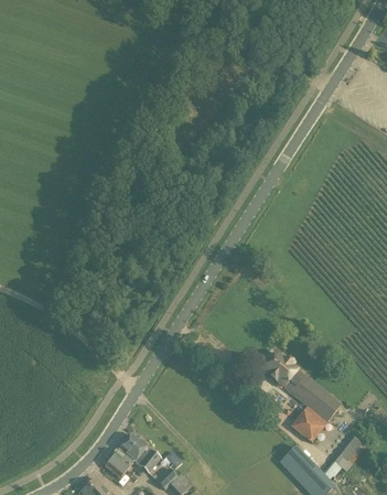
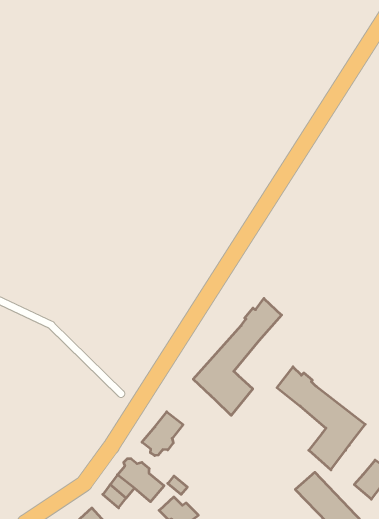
building: none -> [193,298,282,415]
building: none -> [142,412,183,456]

